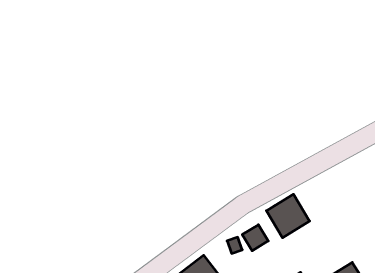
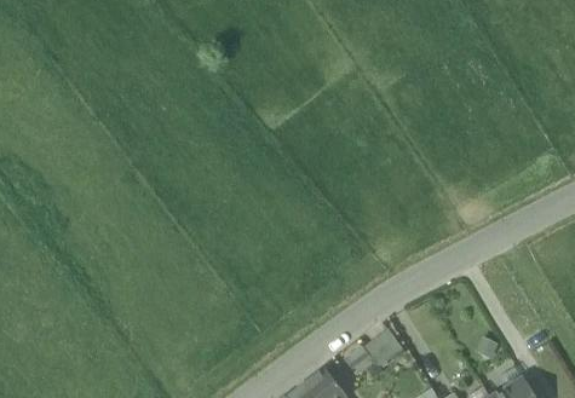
building: [266,194,310,238] -> none

